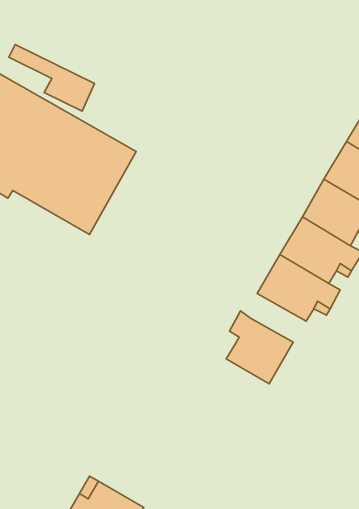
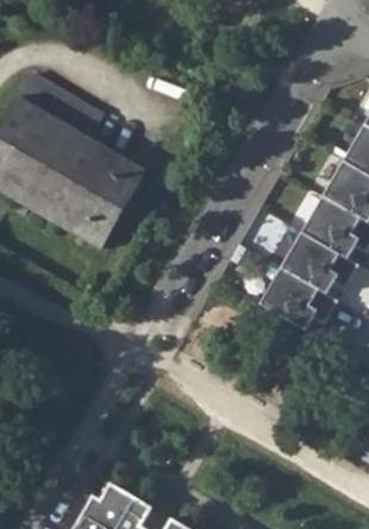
building: [226,311,293,384] -> none

